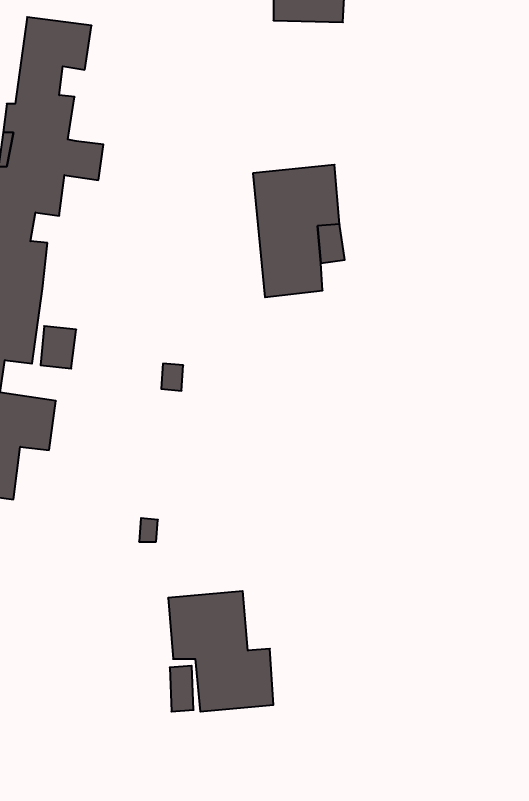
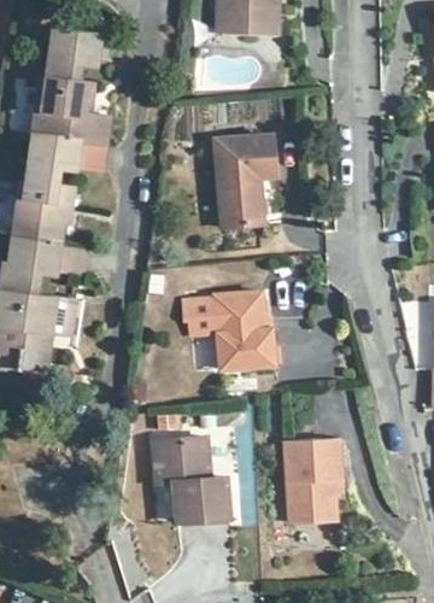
building: none -> [182,291,274,370]
building: none -> [283,439,340,521]

